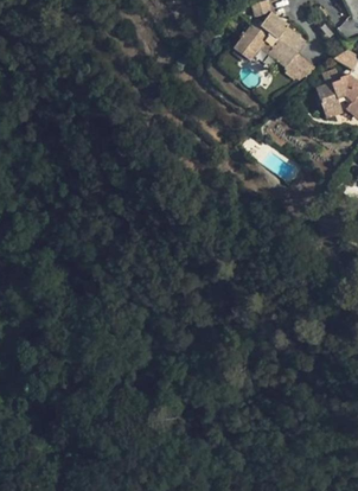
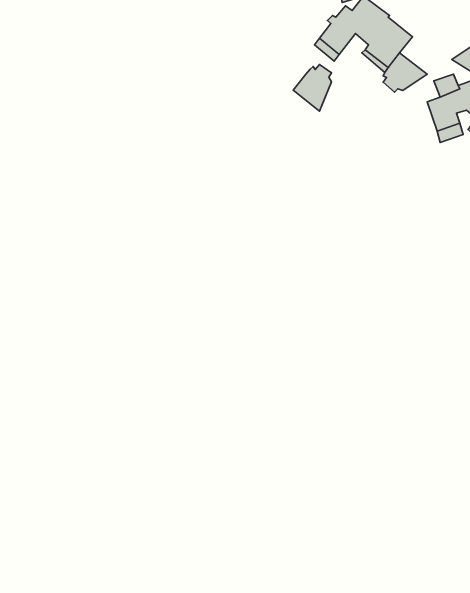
building: none -> [293,65,332,111]

